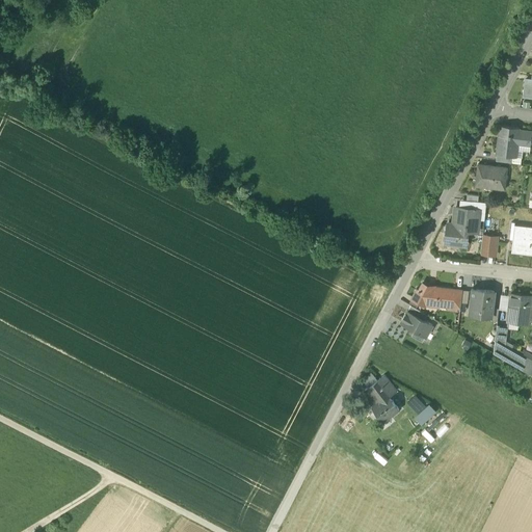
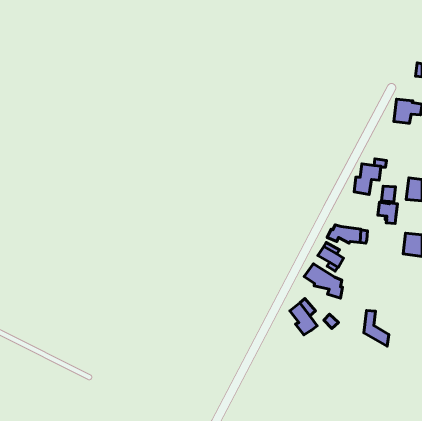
building: [476,165,507,189] -> none
building: [470,290,495,317] -> [378,202,398,224]
building: [494,326,525,371] -> [364,310,389,346]
building: none -> [304,264,343,298]

